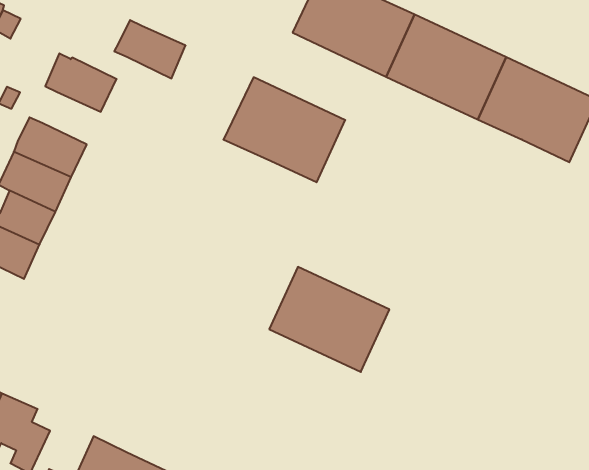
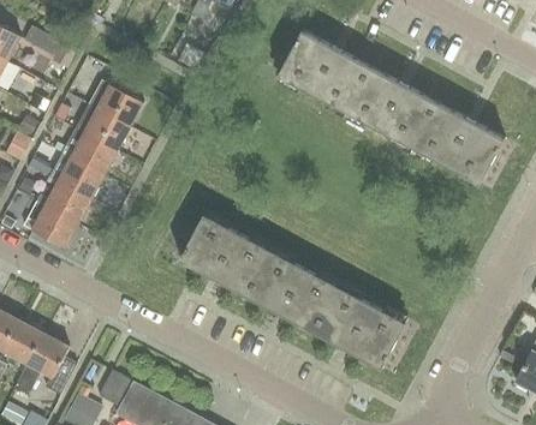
building: [114,20,186,78] -> [76,104,130,150]
building: [223,77,345,182] -> [179,215,272,297]
building: none -> [315,287,407,369]

